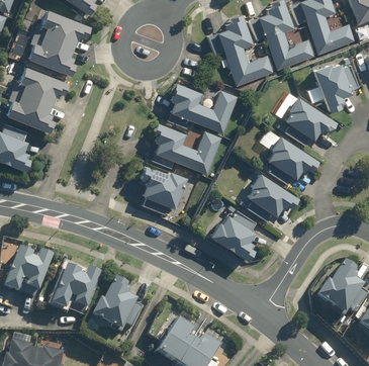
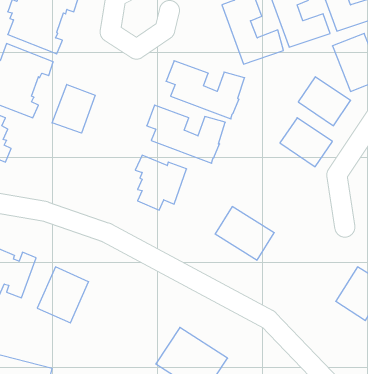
building: none -> [52,84,95,133]
building: [249,174,296,218] -> none
building: [98,282,140,328] -> none

